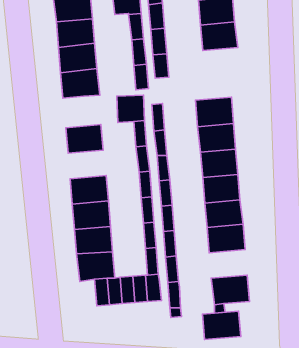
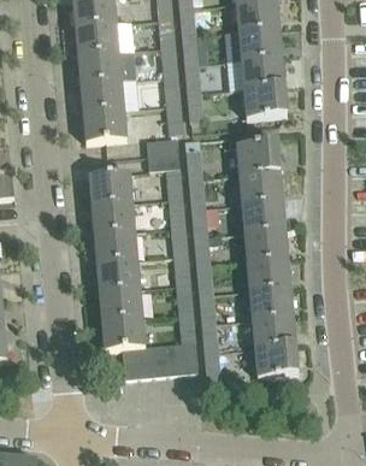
building: none -> [244,82,287,116]
building: none -> [92,199,135,231]
building: [203,311,241,340] -> [252,312,295,344]

